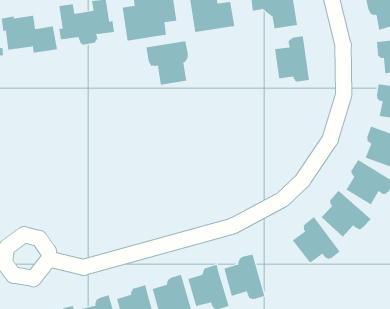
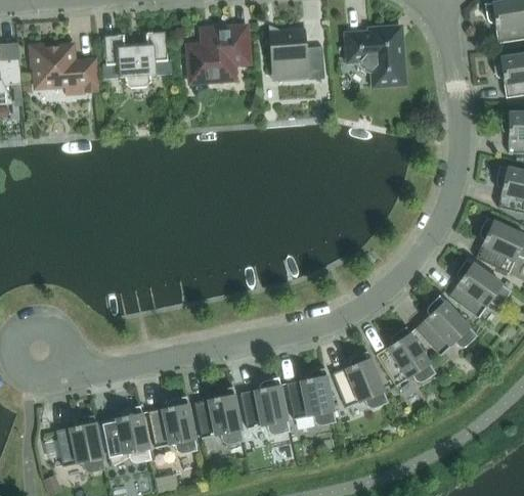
building: [274,36,310,83] -> none
building: [146,41,188,85] -> none
building: none -> [333,350,389,407]

